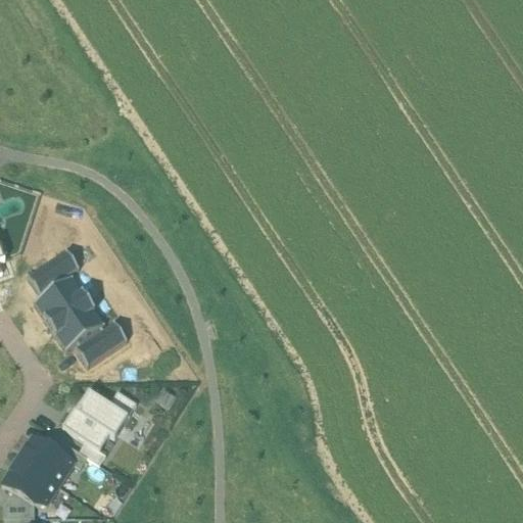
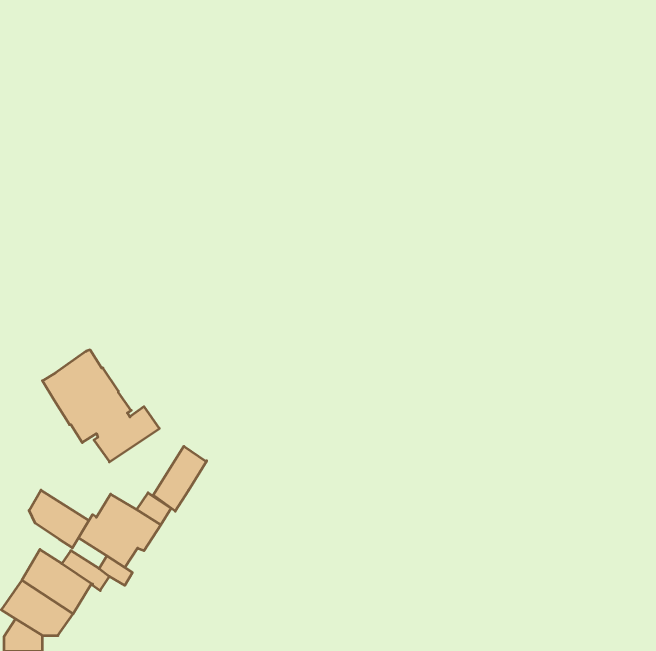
building: [28,251,79,296] -> none
building: none -> [153,446,207,511]
building: none -> [29,490,89,548]

